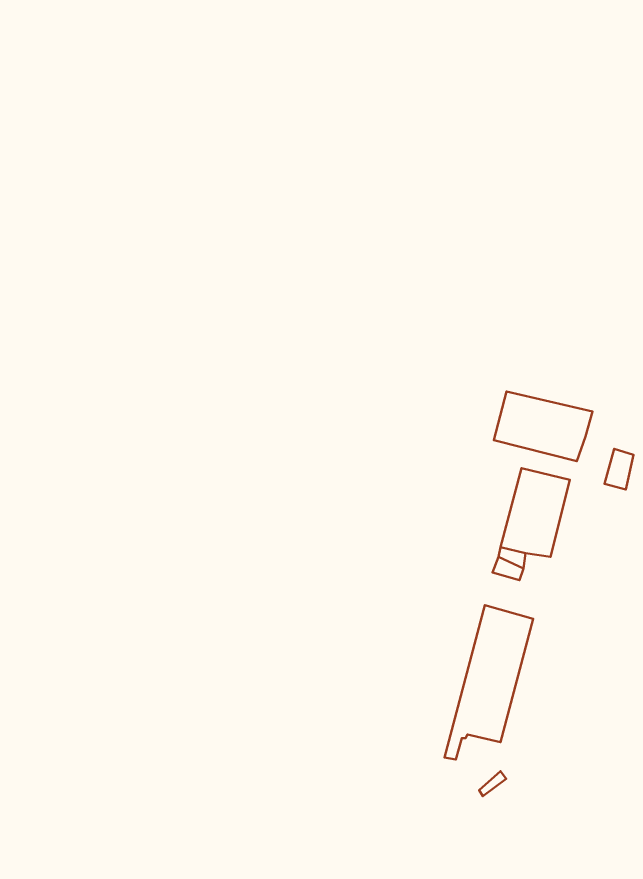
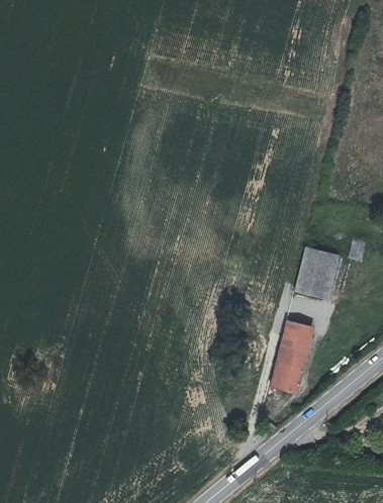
building: [494,391,592,461] -> none

